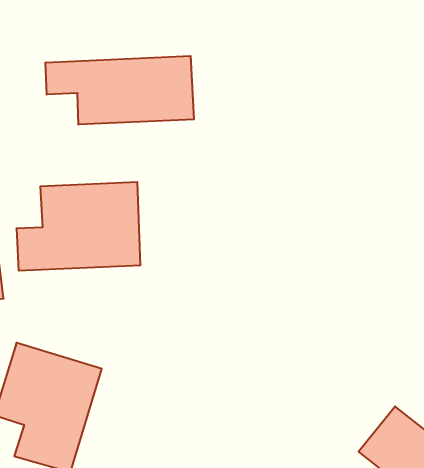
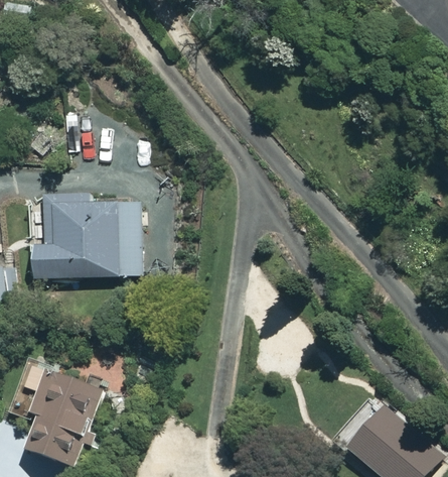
building: [46,56,194,125] -> none

